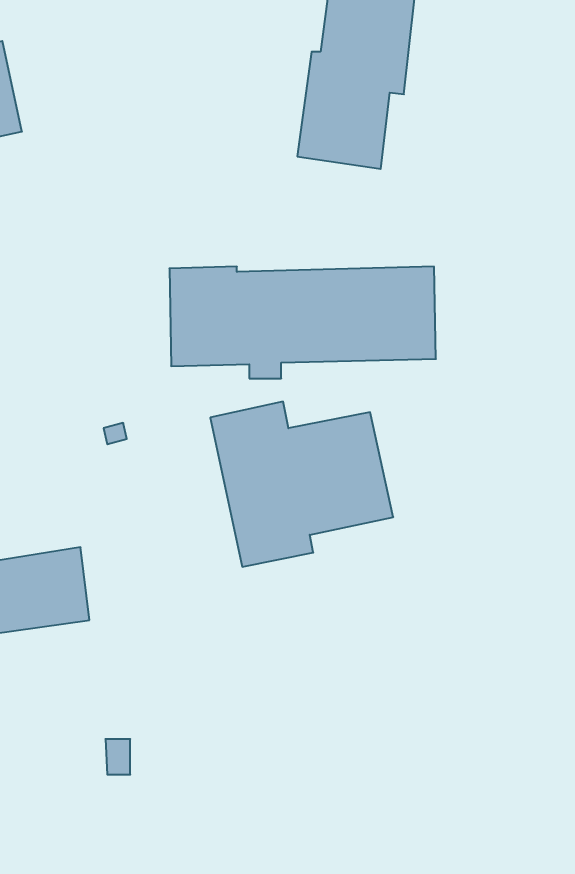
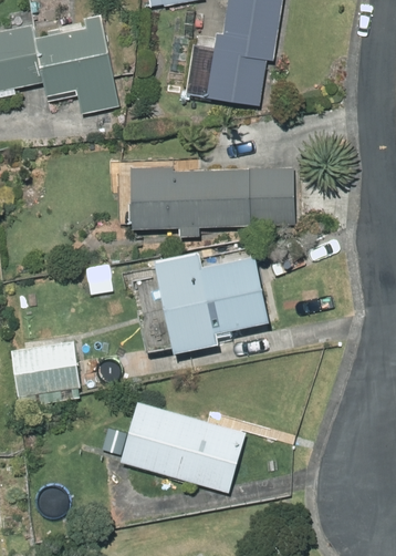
building: none -> [29,17,115,115]
building: none -> [119,402,246,493]

